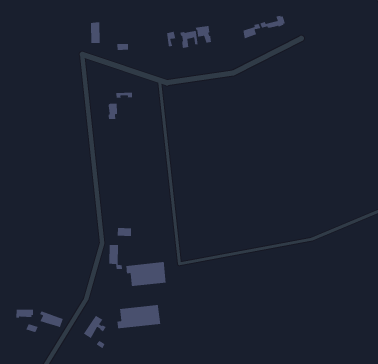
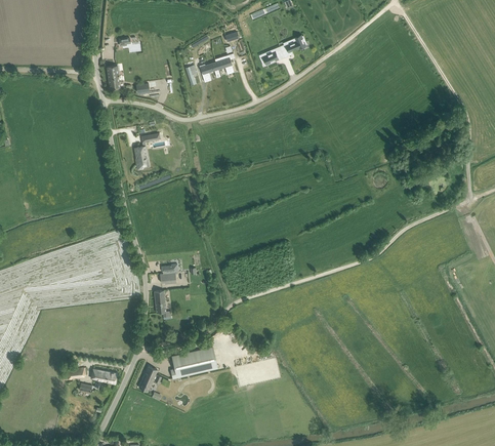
building: [125,261,166,287] -> none

